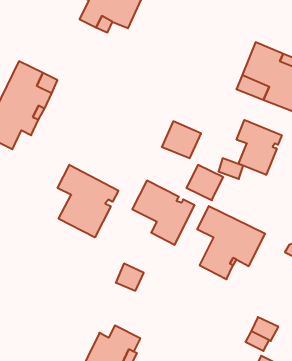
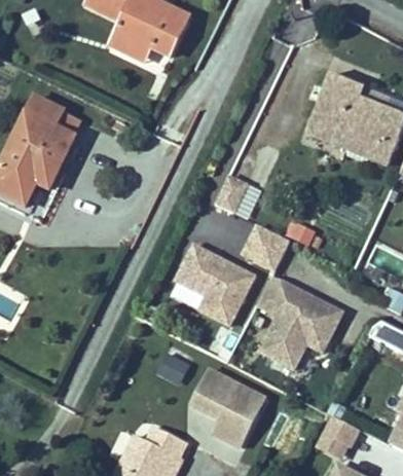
building: [237,120,282,175] -> none
building: [58,165,118,237] -> none
building: none -> [191,369,266,446]

